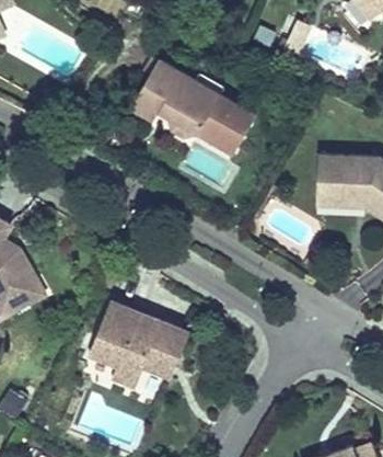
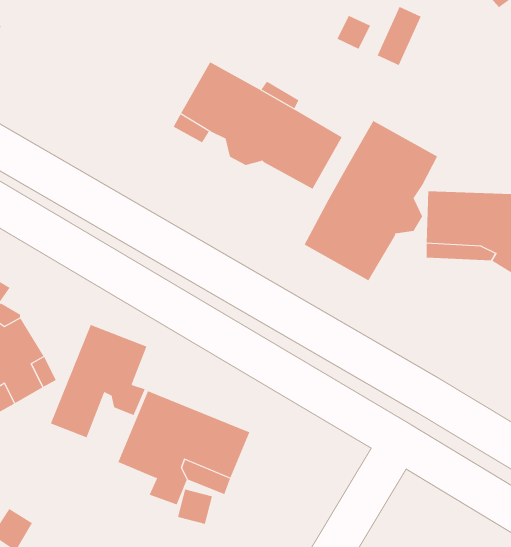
building: none -> [304,120,438,281]
building: none -> [50,324,147,438]

